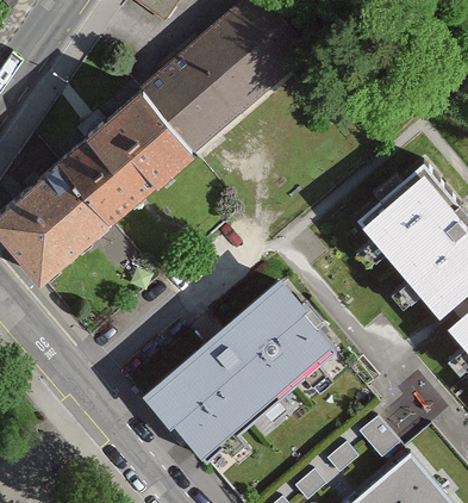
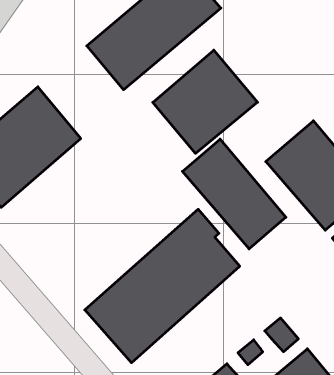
building: [88,87,198,198] -> none
building: none -> [153,50,258,153]
building: none -> [182,139,286,249]

